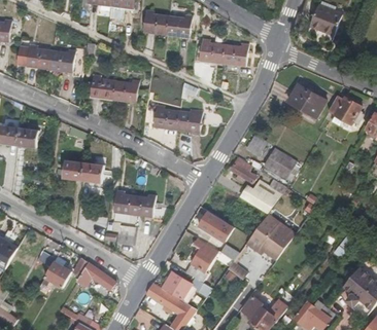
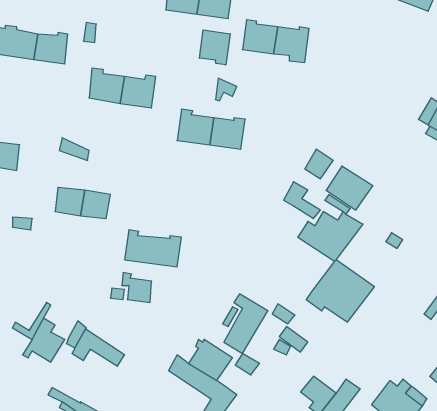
building: none -> [200,30,230,65]
building: [287,85,325,119] -> none
building: [201,212,234,241] -> none

